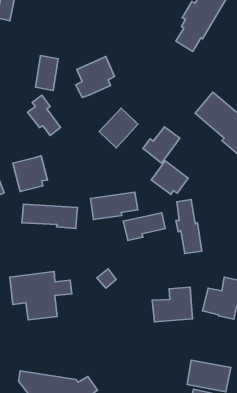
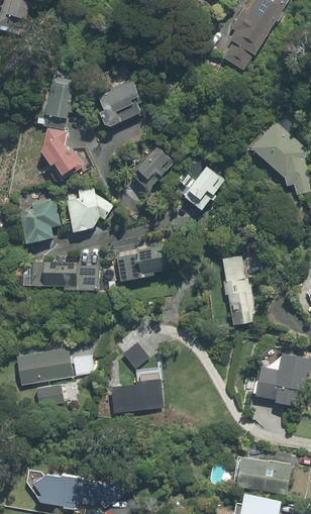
building: none -> [65,189,113,231]
building: [151,161,188,195] -> none
building: [123,213,165,240] -> none
building: [152,287,192,322] -> [112,370,163,413]

